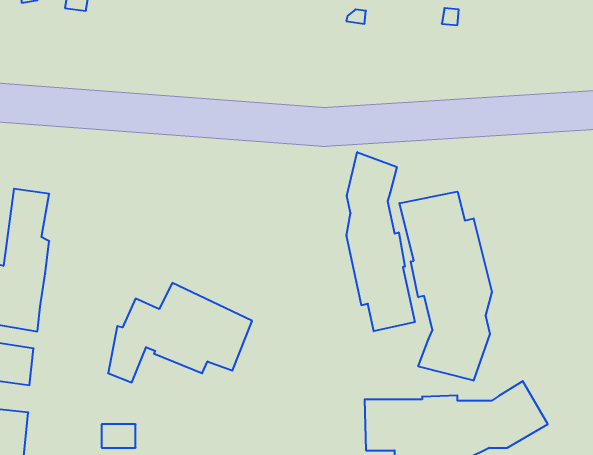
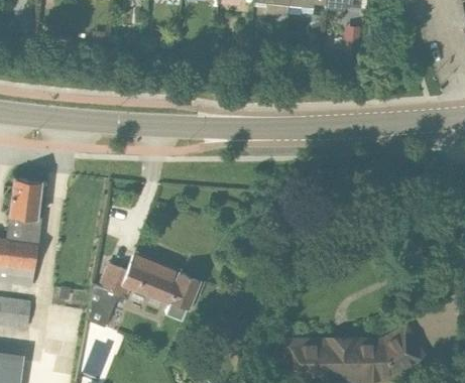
building: [347,152,415,331] -> none
building: [399,192,492,381] -> none

